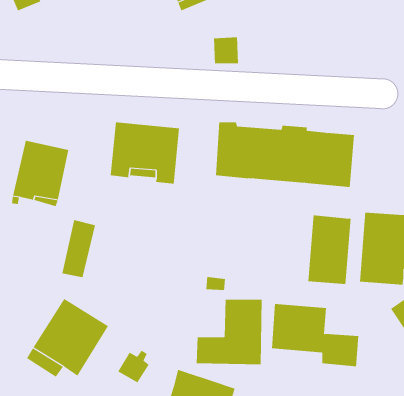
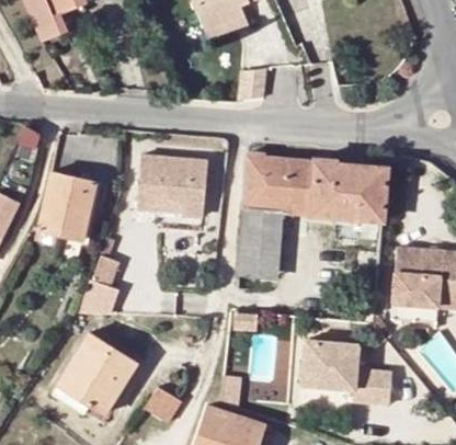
building: [307,215,351,285] -> [239,208,284,279]

